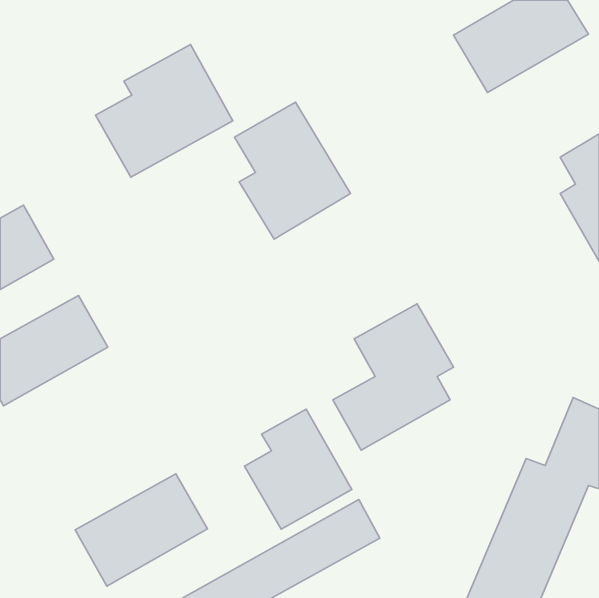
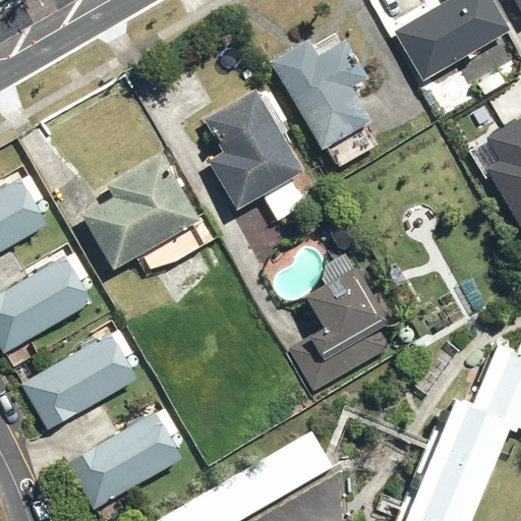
building: none -> [270,39,372,150]
building: [96,45,233,177] -> [83,154,202,269]
building: none -> [22,335,137,430]
building: [244,409,352,529] -> none

